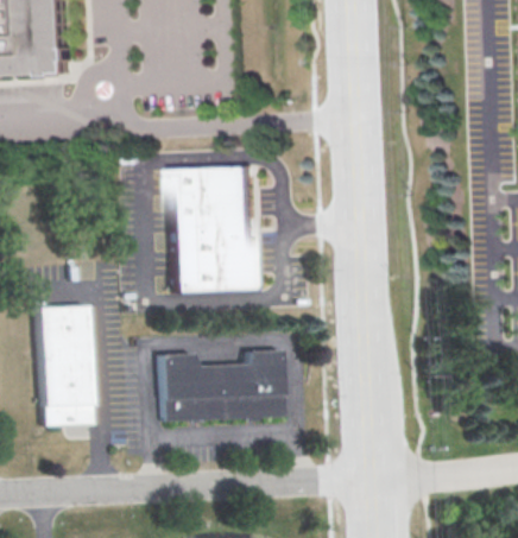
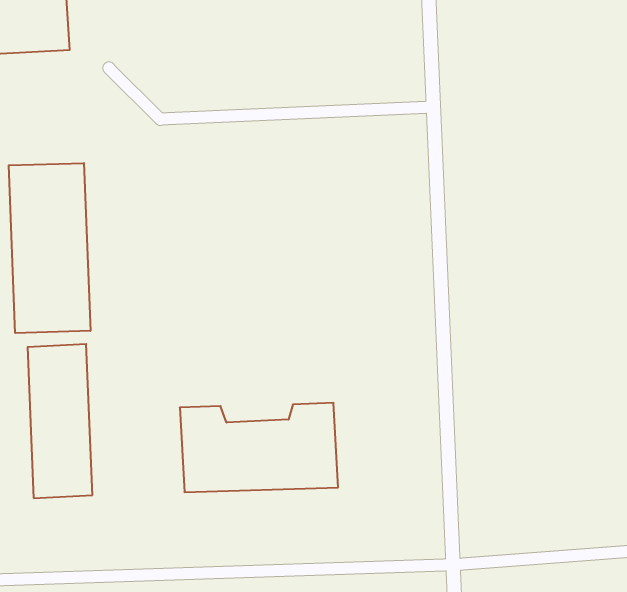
building: none -> [9,163,90,333]
building: [170,167,255,292] -> none

